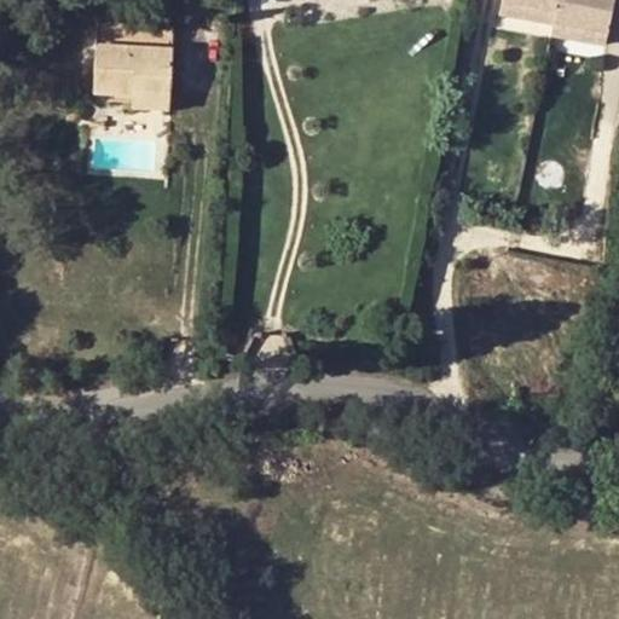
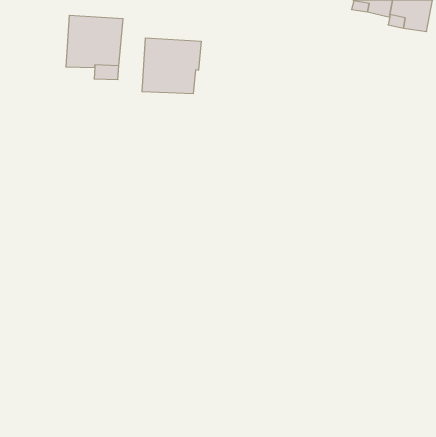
building: none -> [142,38,201,94]

